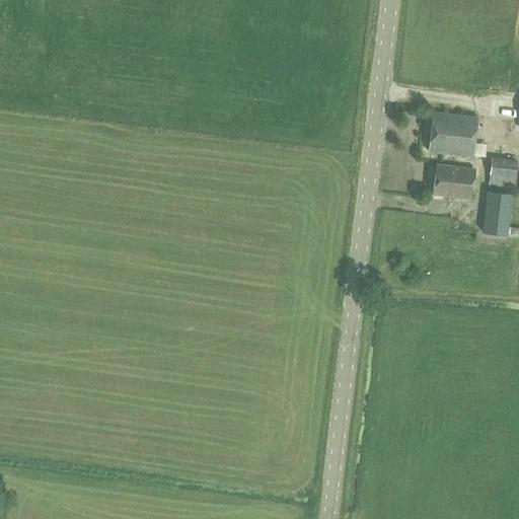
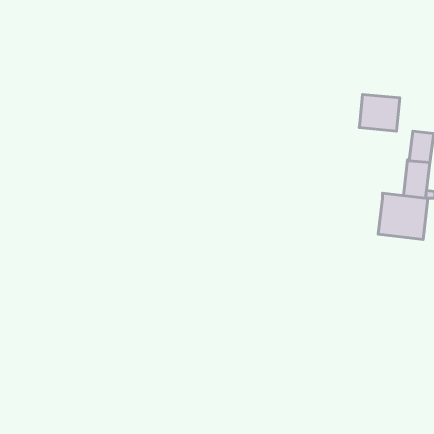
building: [433,164,475,199] -> none
building: none -> [378,193,428,240]

